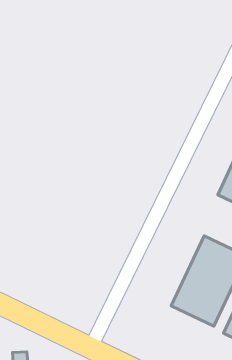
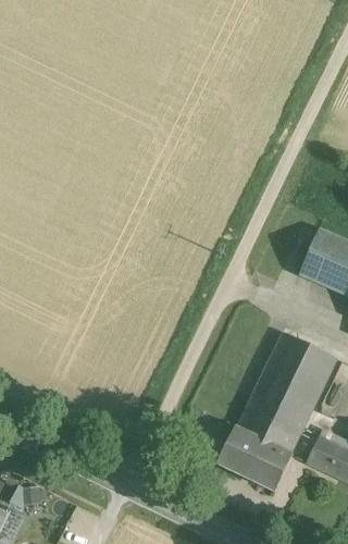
building: none -> [216,425,293,492]

